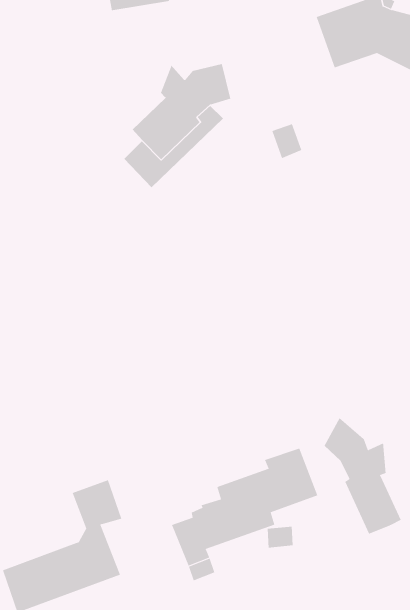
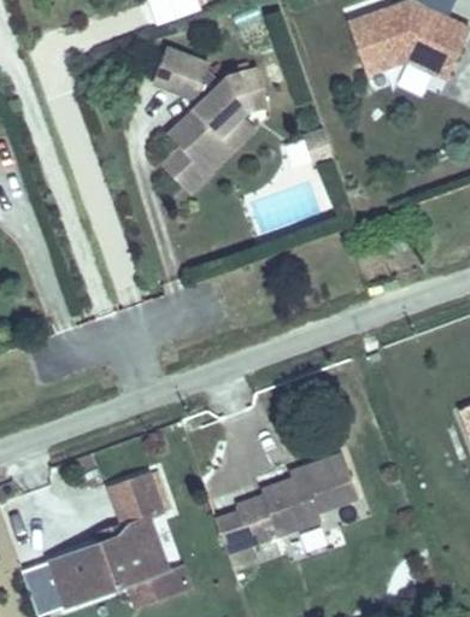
building: none -> [153,47,210,96]
building: [324,417,401,534] -> none

